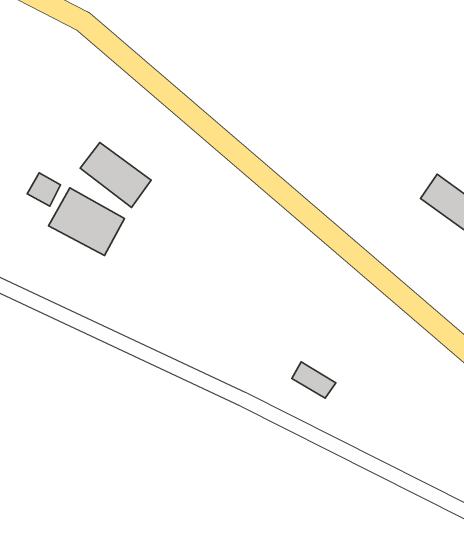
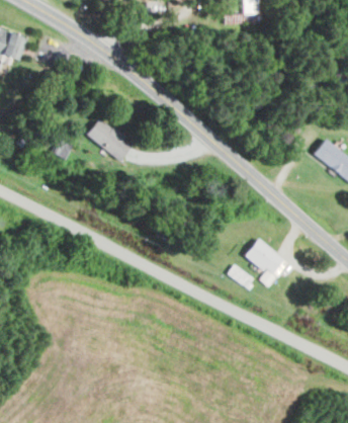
building: [49,188,124,256] -> none
building: none -> [244,238,288,287]

